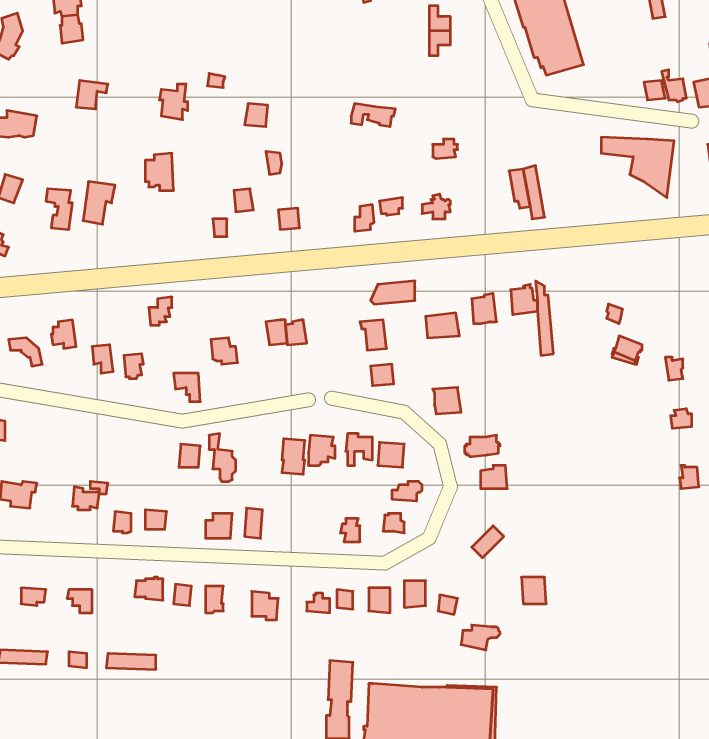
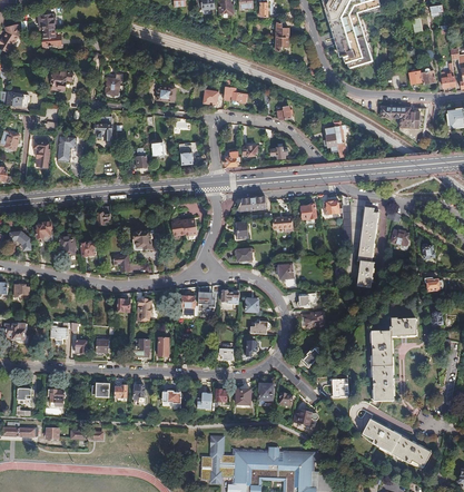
building: none -> [356,208,378,287]
building: none -> [369,317,415,401]
building: none -> [358,417,427,468]

